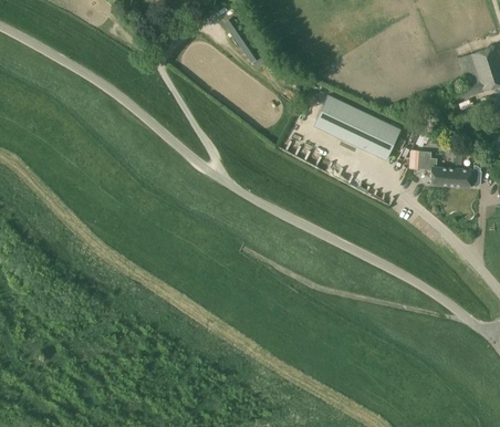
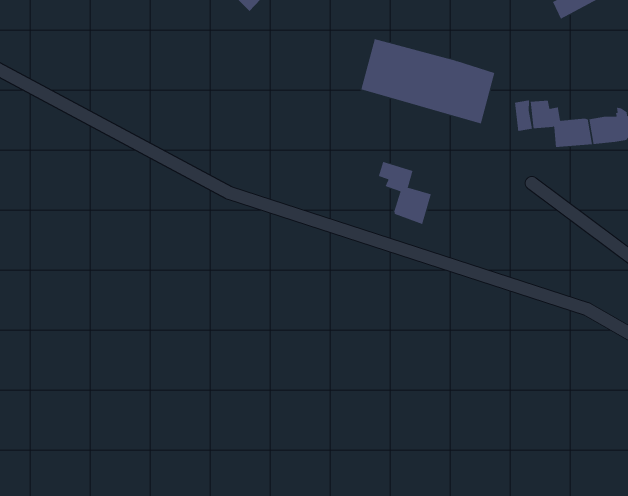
building: none -> [378,161,431,225]

